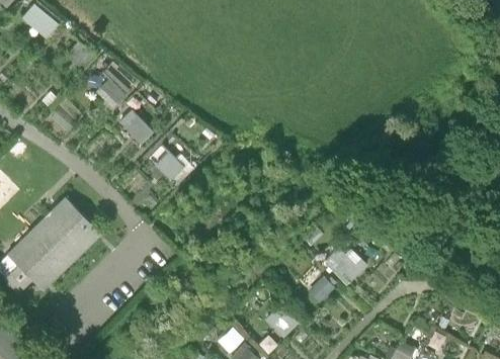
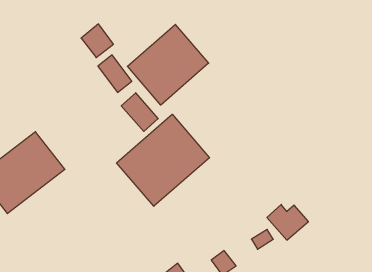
building: none -> [127,24,209,105]
building: none -> [117,114,209,206]

